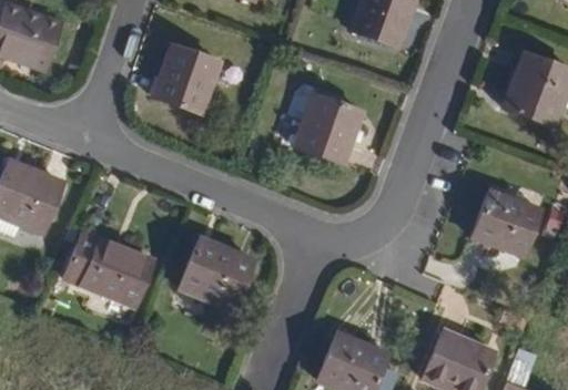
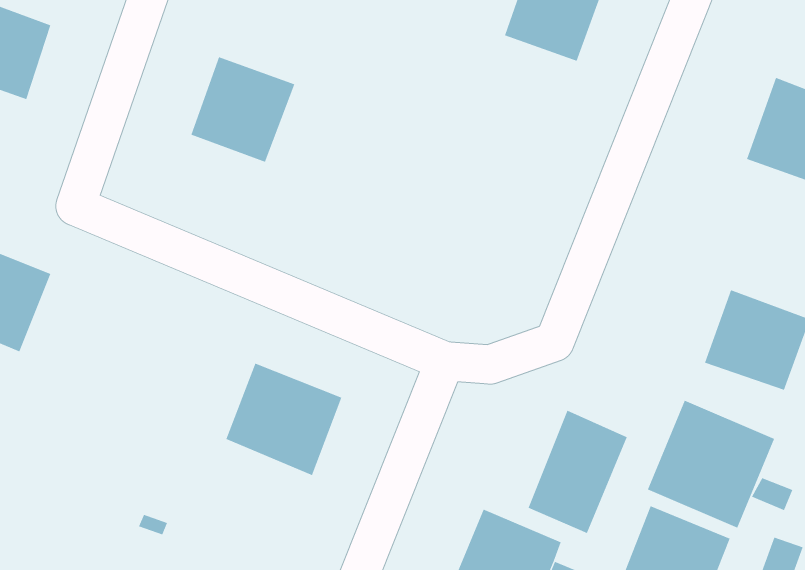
building: [293,95,361,164] -> none
building: [63,232,152,305] -> none
building: none -> [647,400,775,528]
building: none -> [528,410,628,534]

